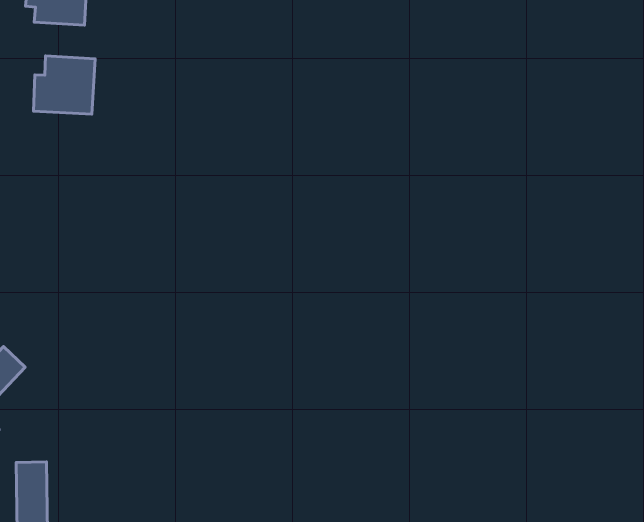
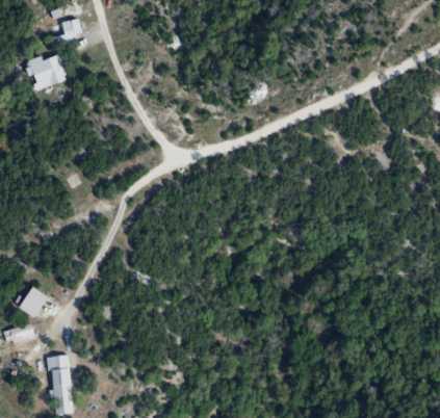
building: [34,56,95,114] -> none

